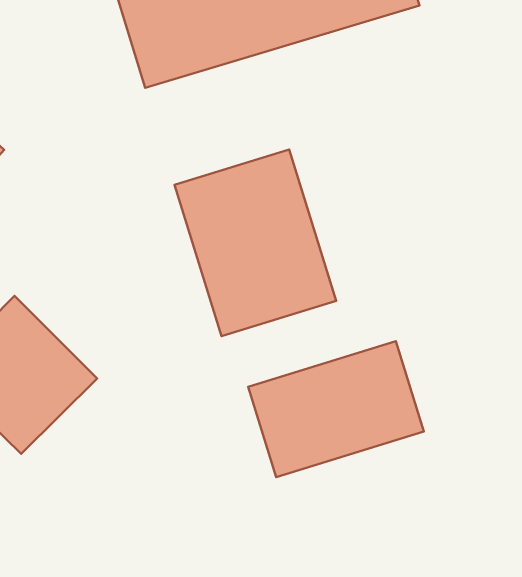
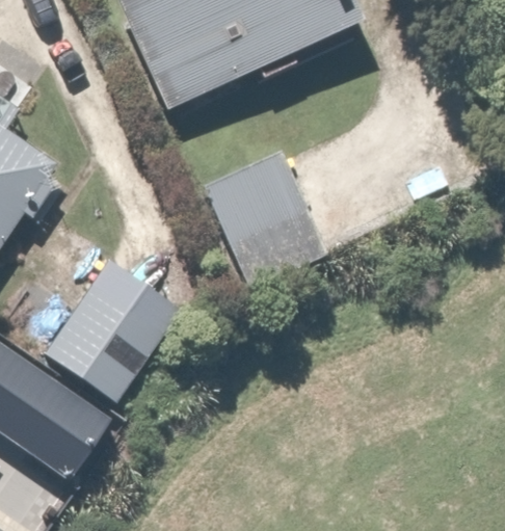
building: [248,341,424,477] -> none

